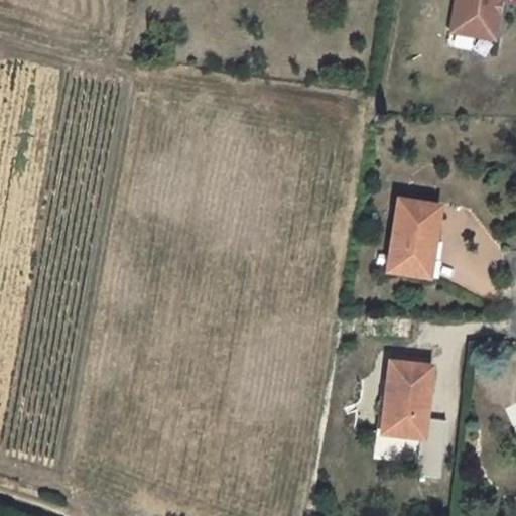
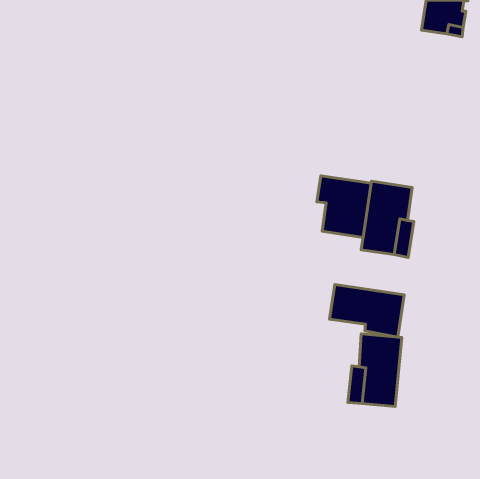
building: none -> [317,176,371,237]
building: none -> [329,285,404,337]

